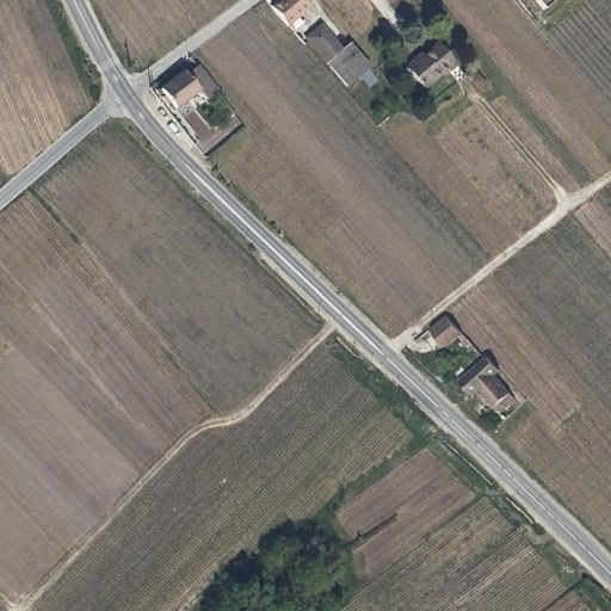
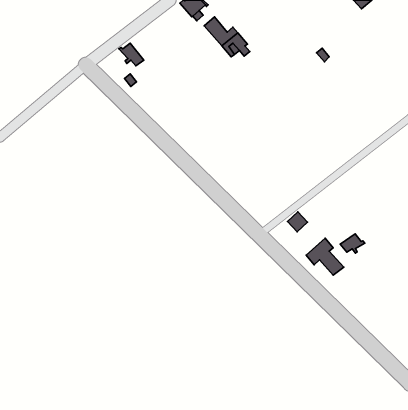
building: [403,47,453,90] -> none
building: [160,73,193,107] -> none
building: none -> [340,234,365,253]

